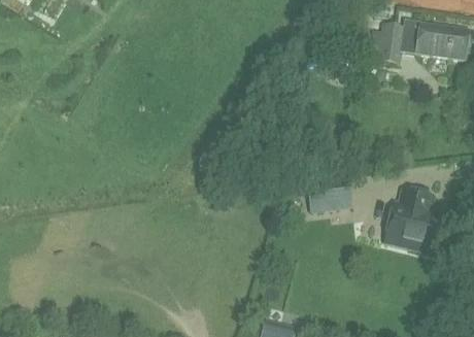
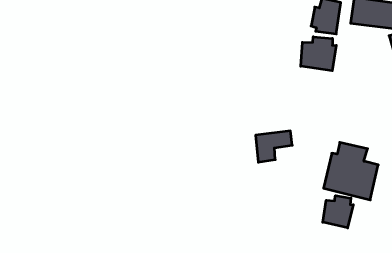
building: none -> [301,37,336,71]
building: none -> [323,196,353,228]

